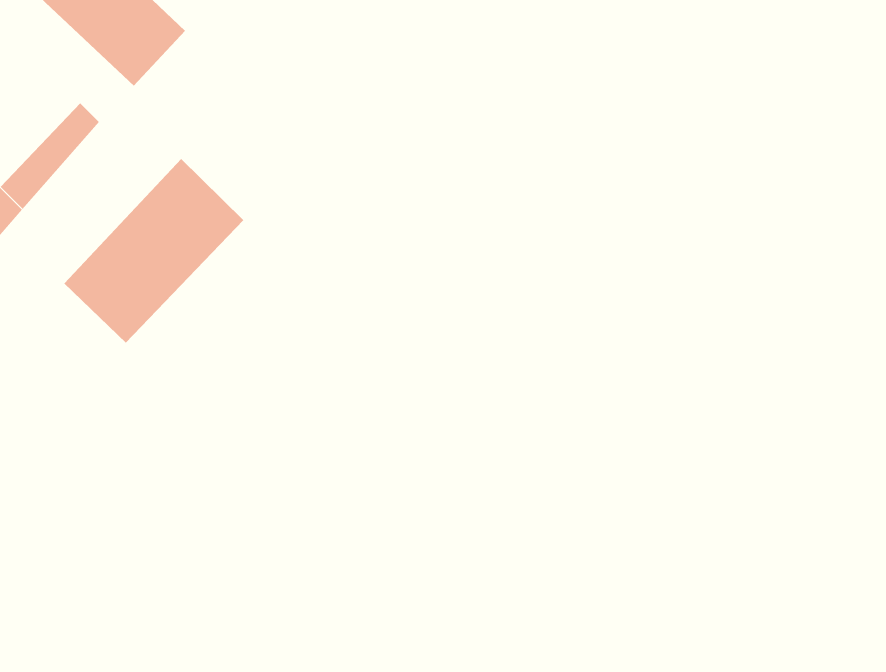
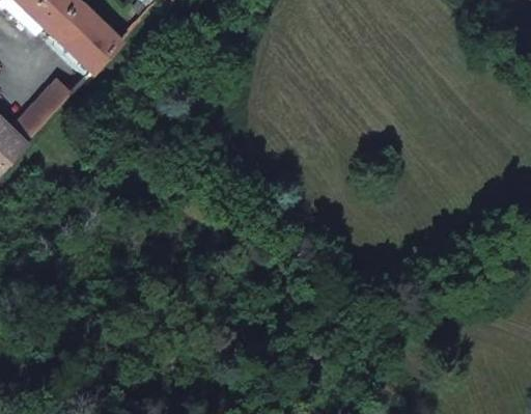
building: [63,158,244,344] -> none

